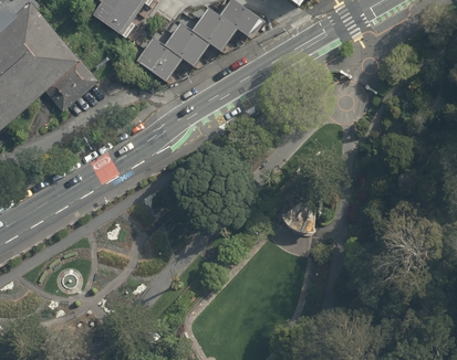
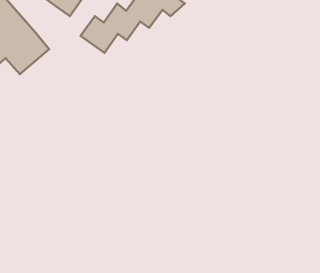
building: [282,203,313,232] -> none

